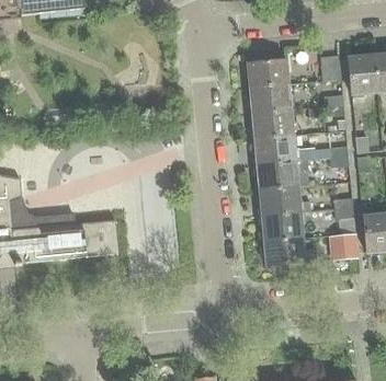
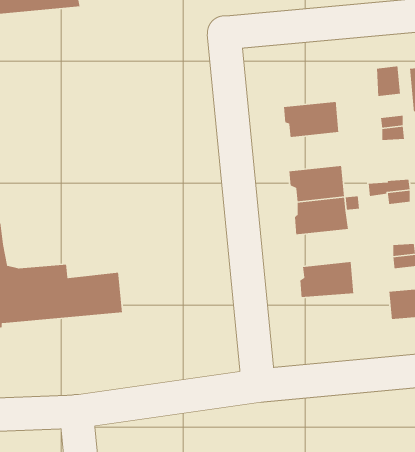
building: [246,59,290,88] -> none
building: [250,108,294,139] -> none
building: [257,186,311,216] -> none
building: [261,238,306,265] -> none

